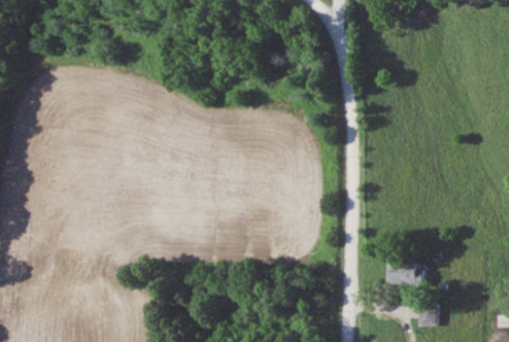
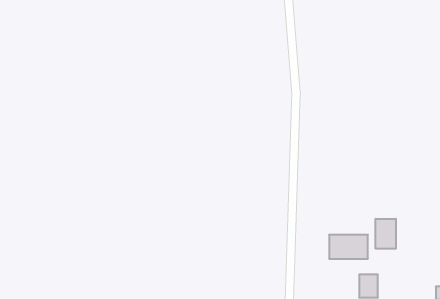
building: none -> [376,219,396,249]

